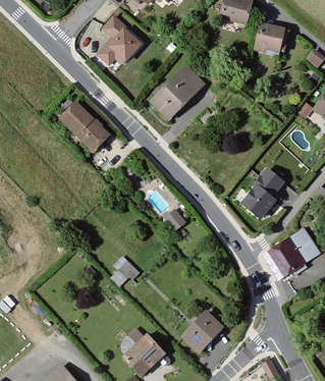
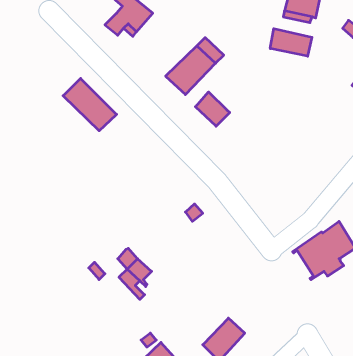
building: none -> [270,29,312,56]
building: none -> [195,92,230,126]
building: [240,169,280,216] -> none

